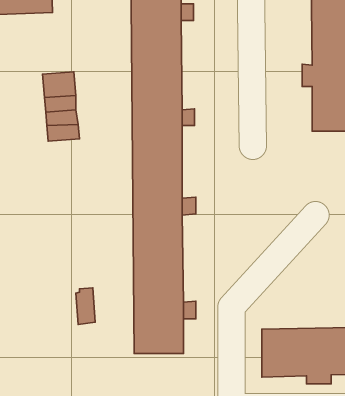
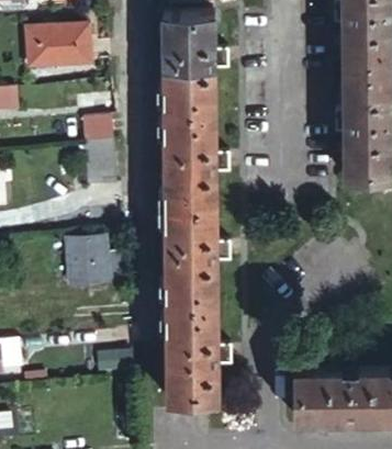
building: none -> [69,237,121,284]

